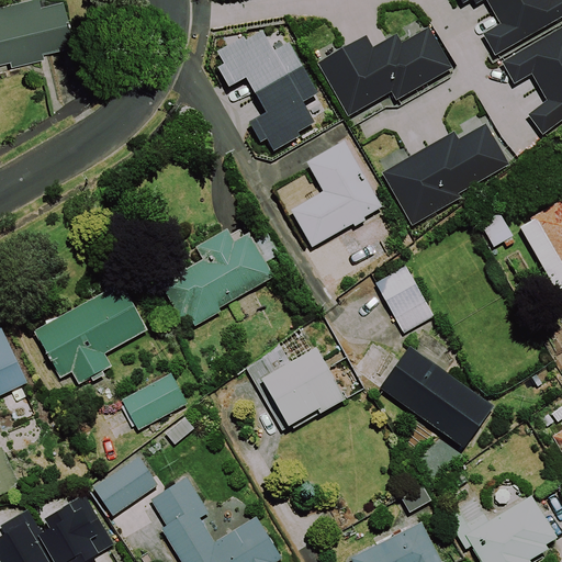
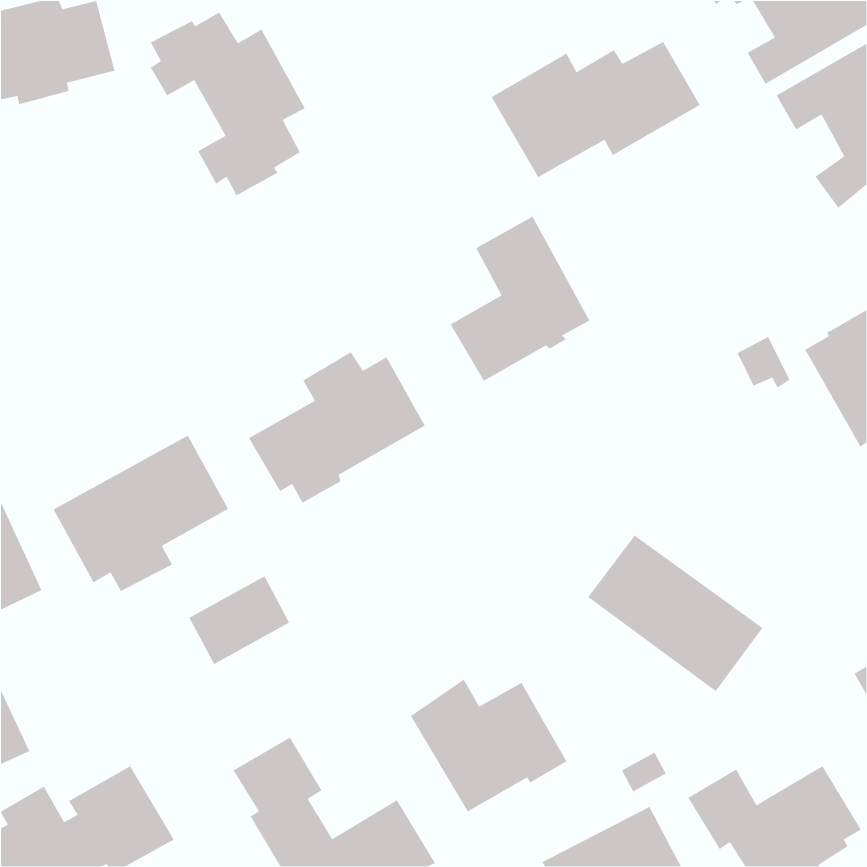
building: [217,31,318,150] -> [150,12,306,197]
building: [382,123,509,226] -> none
building: [375,266,434,333] -> none
building: [245,344,347,430] -> [410,678,568,812]
building: [93,456,158,516] -> none

